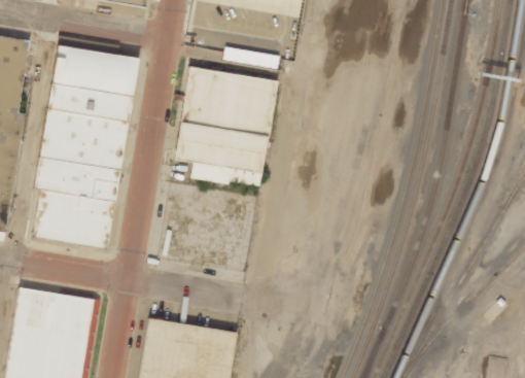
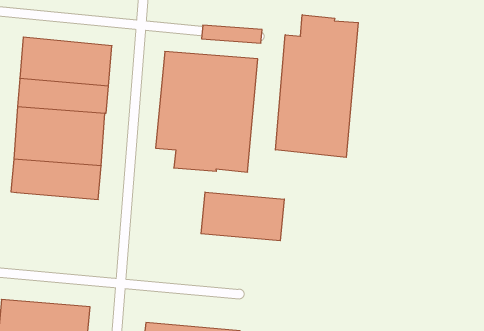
building: none -> [275,15,358,157]
building: [34,188,116,248] -> none
building: none -> [201,192,284,241]

